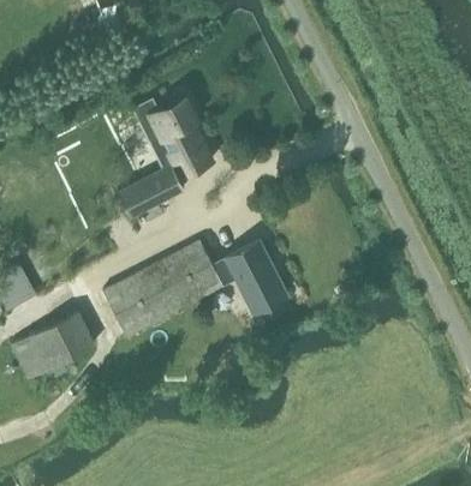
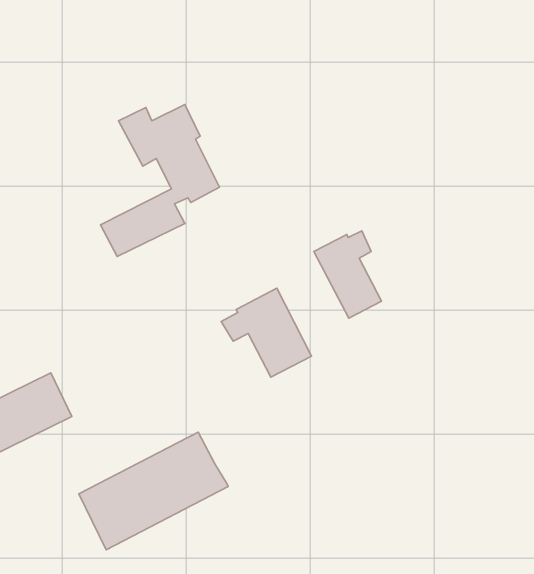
building: none -> [314,231,382,318]
building: [105,242,223,336] -> [79,432,228,550]

